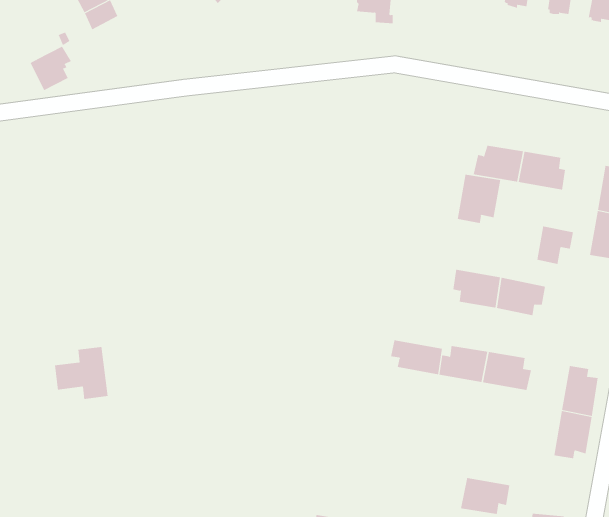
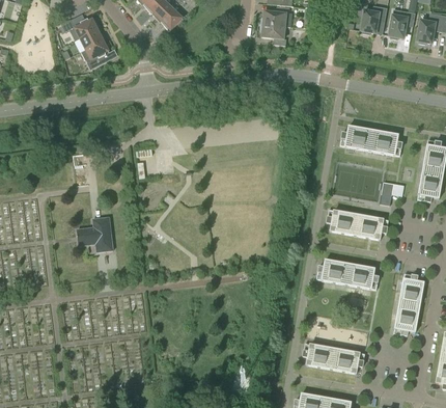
building: [30,46,72,91] -> [82,38,110,69]
building: [457,174,501,224] -> none
building: [391,339,443,375] -> none
building: [54,347,108,399] -> [78,215,114,250]
building: none -> [303,342,336,368]

